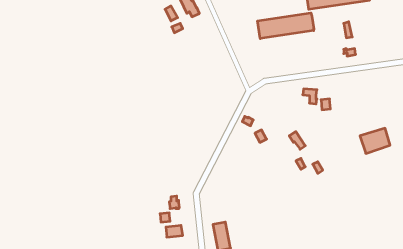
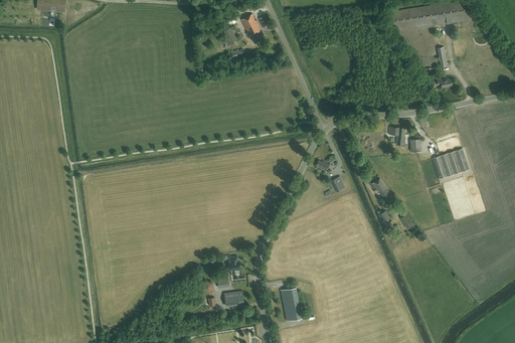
building: [258,13,314,39] -> none
building: [360,128,390,153] -> [432,149,468,179]

